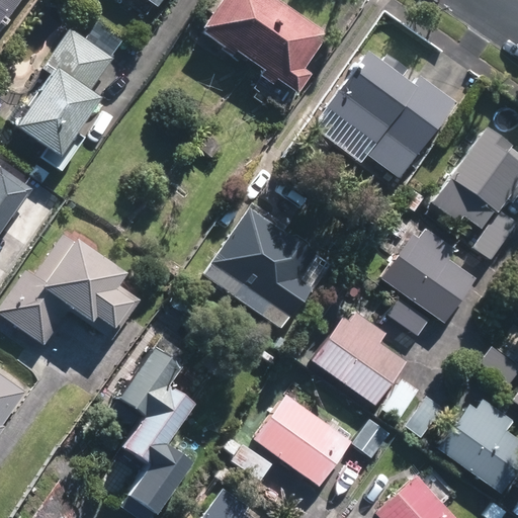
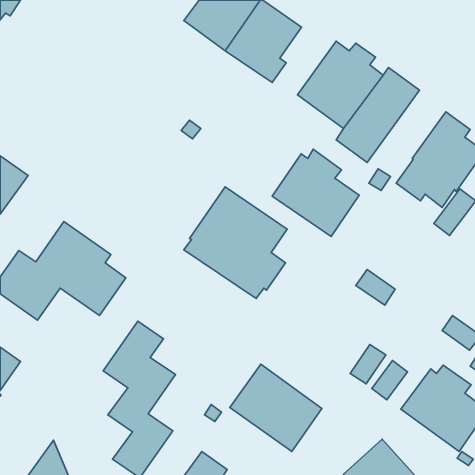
building: [15,18,124,156] -> none
building: [380,227,474,321] -> [272,149,359,236]
building: [312,310,406,404] -> none

